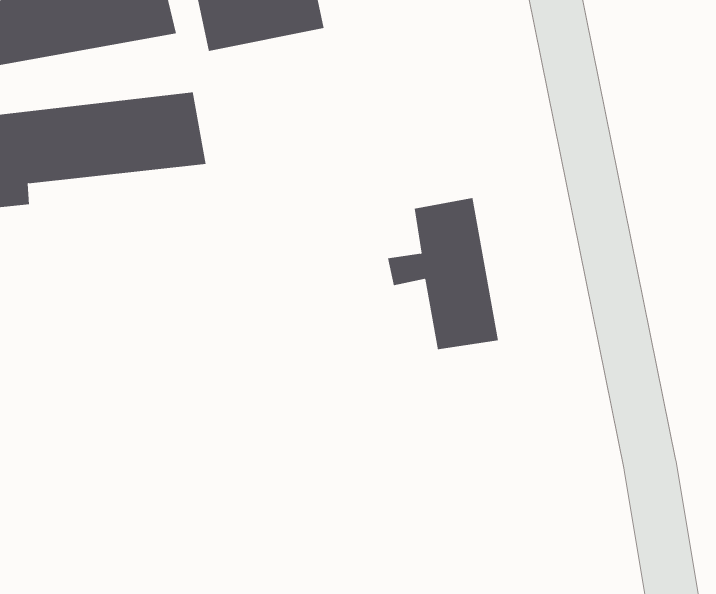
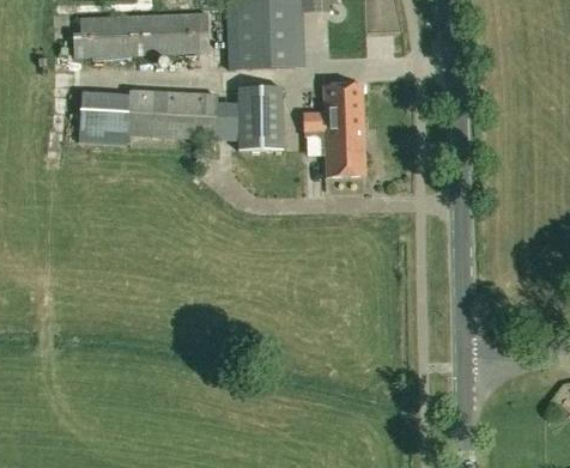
building: none -> [236,85,283,151]
building: [387,198,499,350] -> [303,85,365,177]

